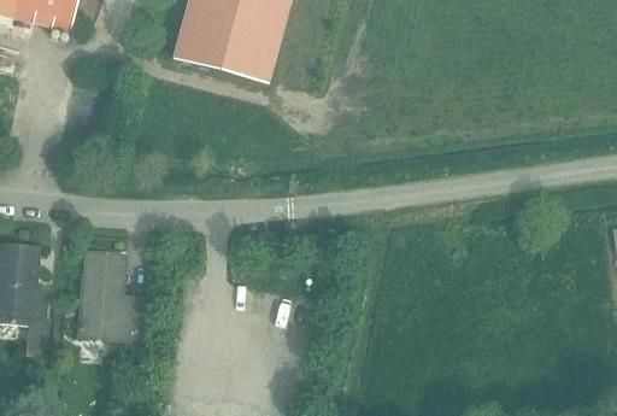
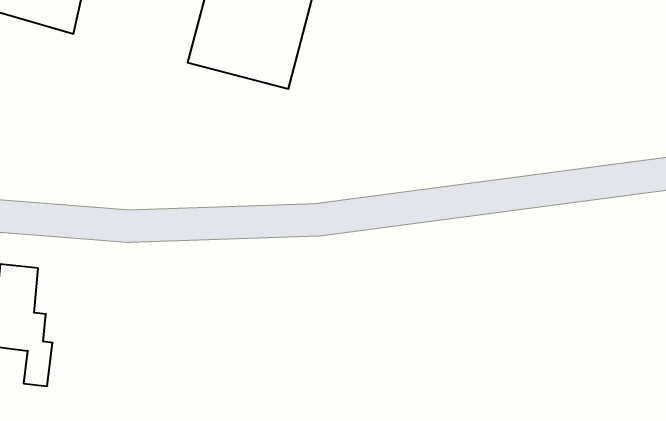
building: [80,251,146,342] -> none

